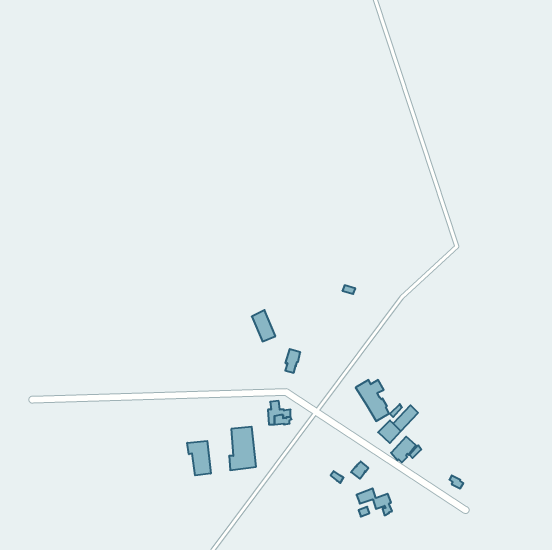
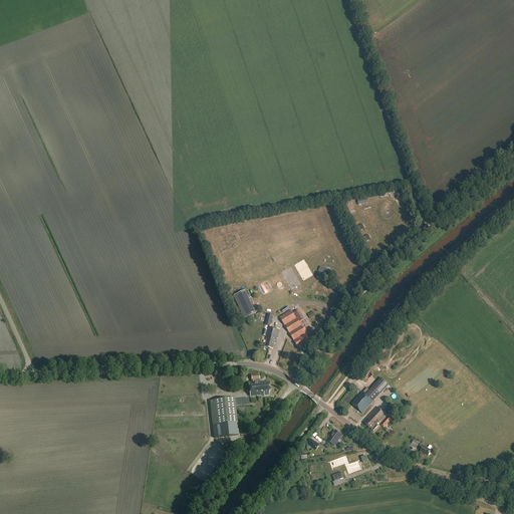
building: [356,380,389,421] -> [279,308,310,346]
building: [187,441,211,475] -> none

